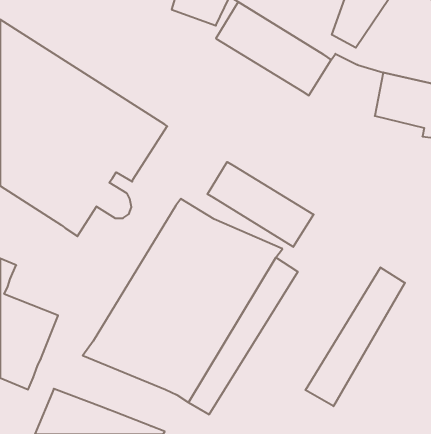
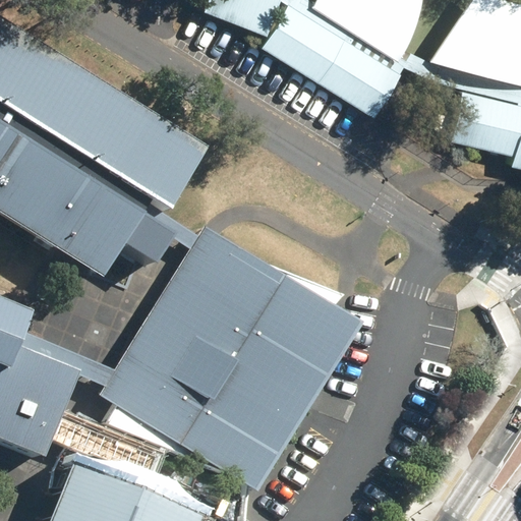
building: [207,162,314,247] -> none
building: none -> [11,206,222,407]
building: [305,267,405,406] -> none

